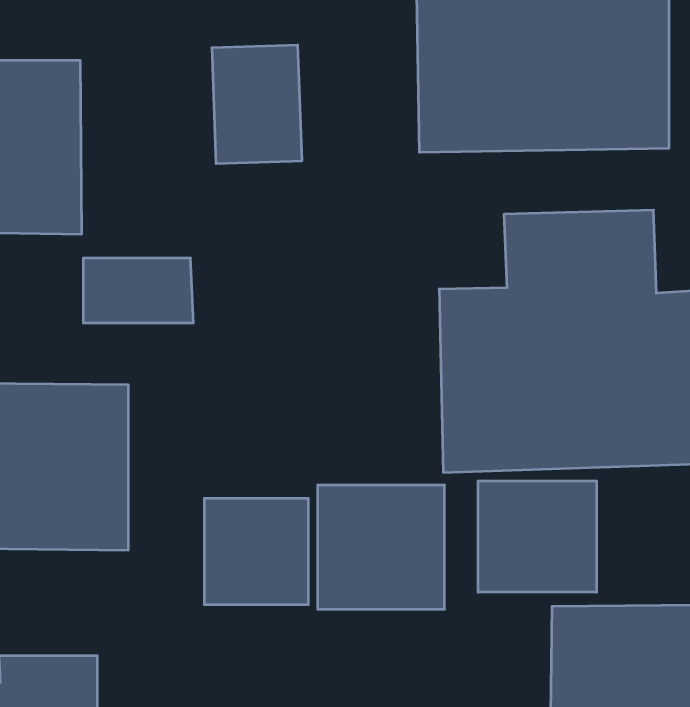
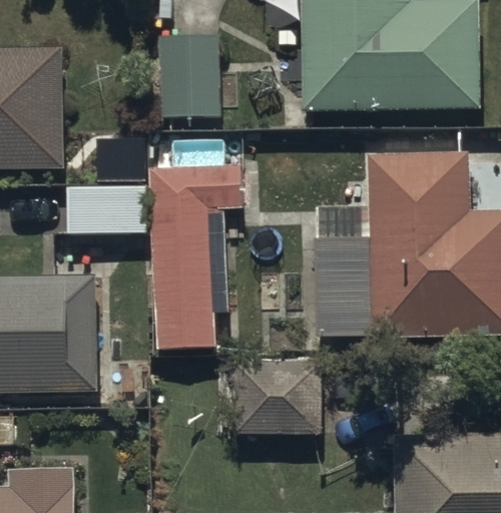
building: none -> [148,166,241,348]
building: [478,481,597,592] -> none
building: [204,498,308,605] -> none

